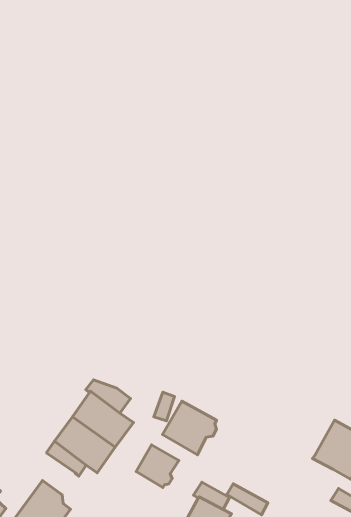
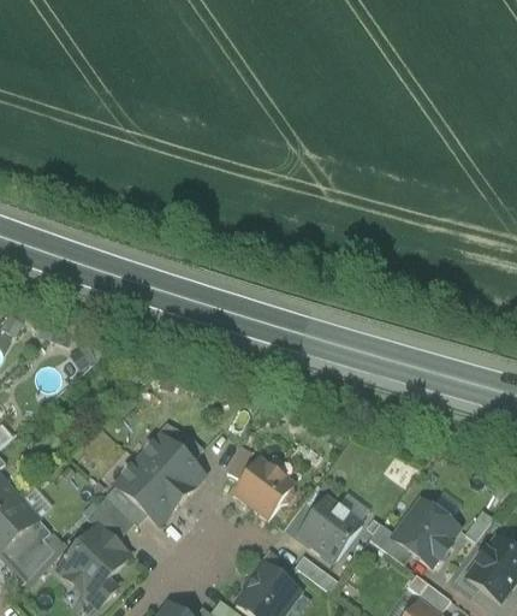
building: none -> [296,497,361,561]
building: [136,445,179,487] -> none
building: none -> [368,523,411,564]
building: none -> [85,497,132,543]

